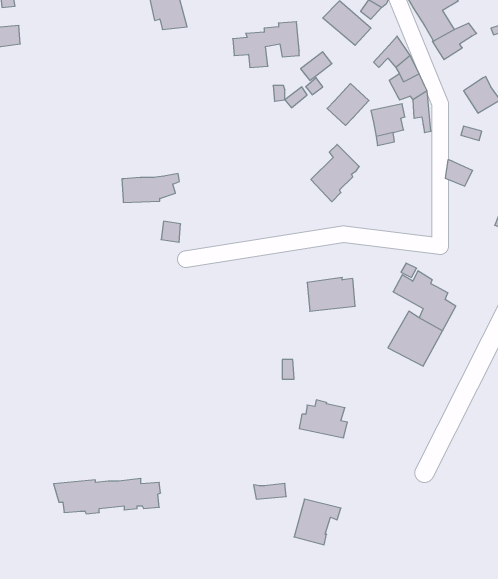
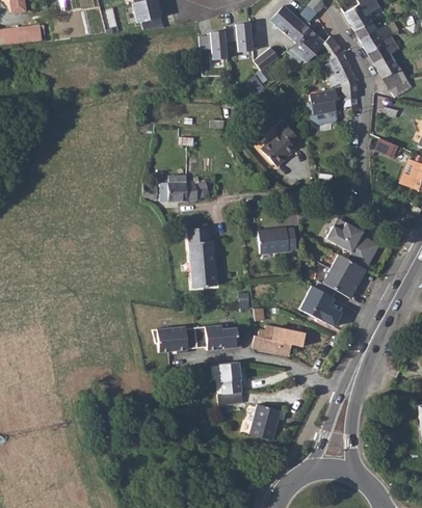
building: none -> [368,34,399,78]
building: [327,84,369,125] -> [291,28,324,61]
building: [122,174,179,202] -> [167,178,213,200]
building: none -> [188,226,216,287]
building: none -> [300,286,341,326]
building: none -> [218,362,241,393]
building: [54,479,161,514] -> [152,323,237,351]

